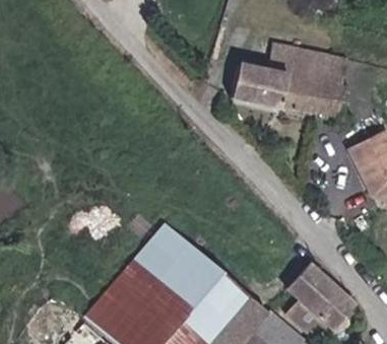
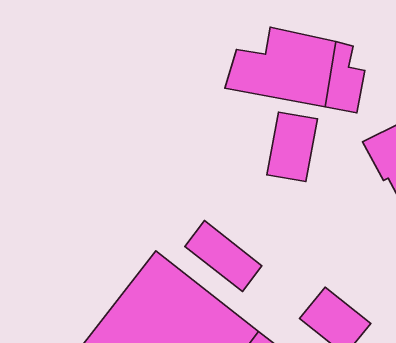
building: none -> [267,112,318,182]
building: none -> [185,221,262,292]

